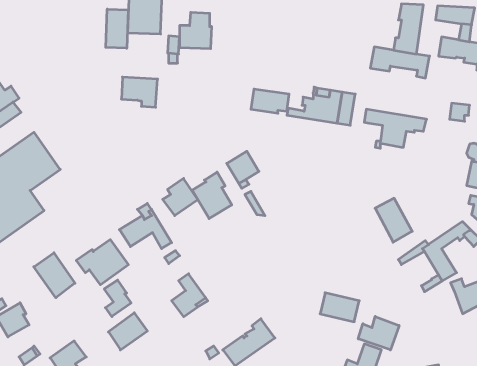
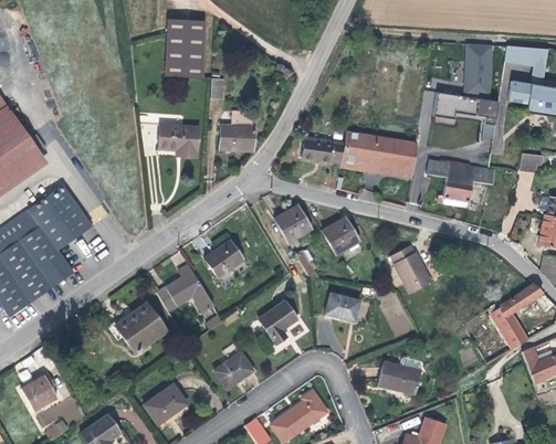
building: [106,9,128,48] -> none
building: [180,12,212,49] -> [220,110,255,150]
building: none -> [343,130,371,161]
building: none -> [323,218,358,253]
building: [192,172,232,219] -> none
building: [375,198,412,242] -> [390,244,431,293]
building: none -> [326,293,359,320]
building: none -> [259,300,297,343]
building: [34,253,75,298] -> none
building: [104,280,131,317] -> none
building: [358,316,399,350] -> none

